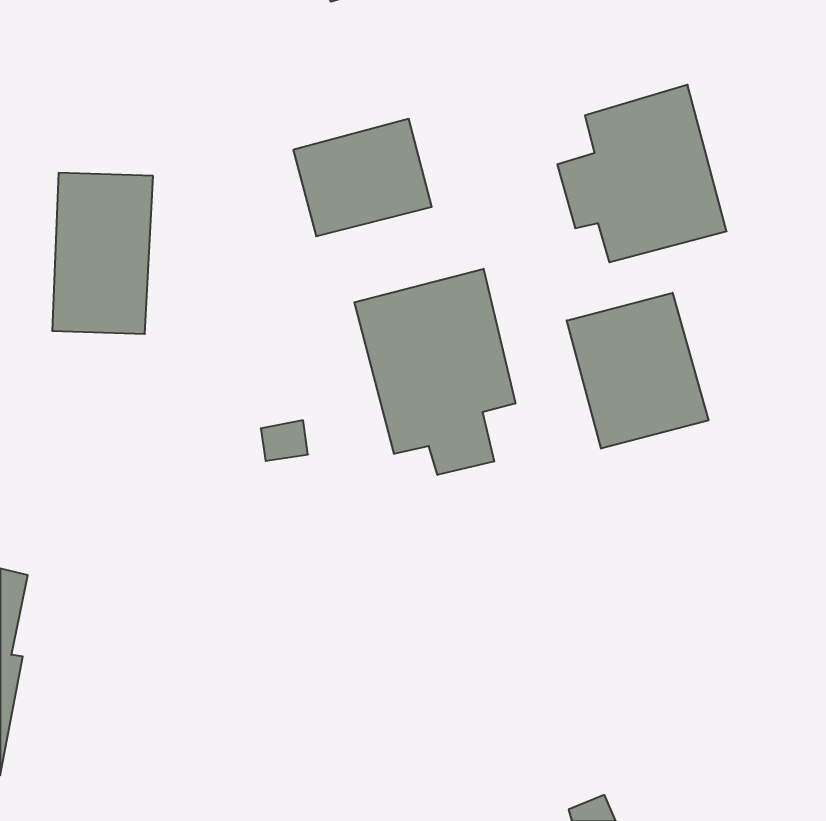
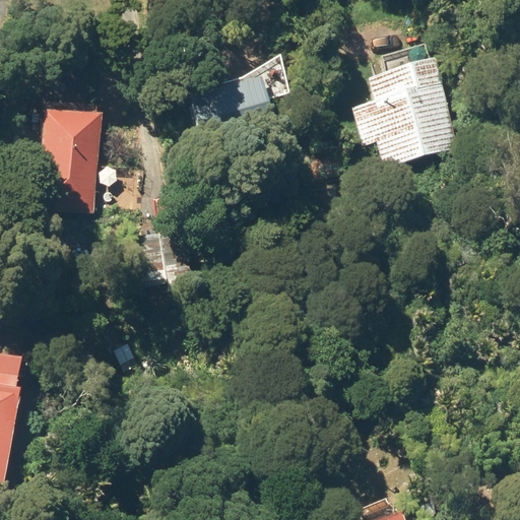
building: [354,269,515,475] -> none
building: [567,293,709,449] -> none

